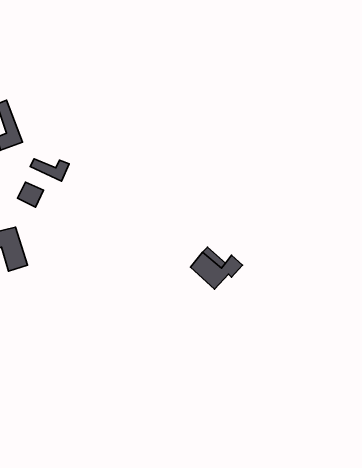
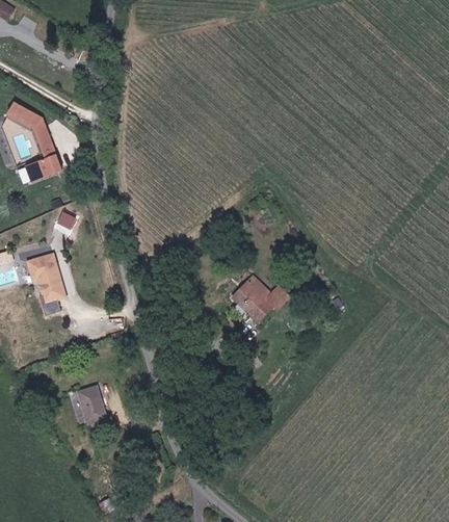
building: [30,159,69,181] -> none
building: none -> [77,386,104,423]

